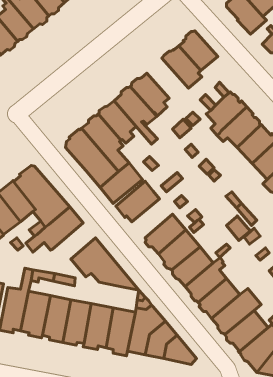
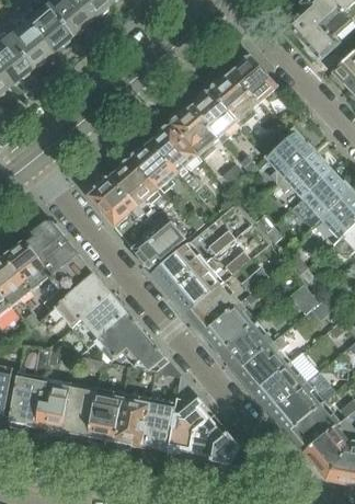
building: none -> [191,89,242,138]
building: none -> [172,263,222,311]
building: none -> [71,293,127,346]

